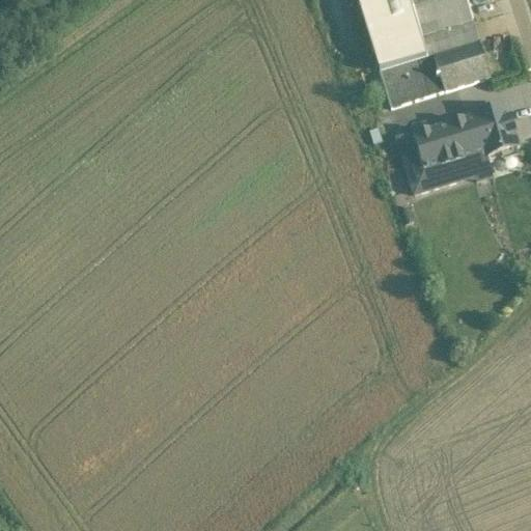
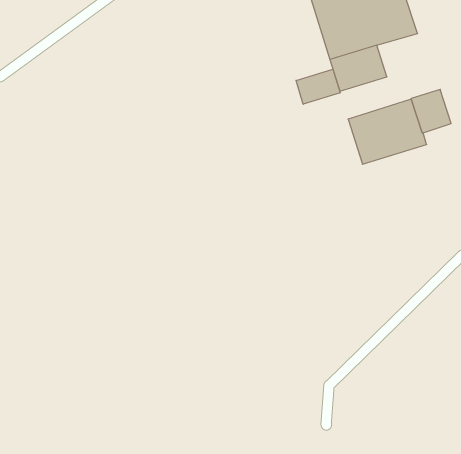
building: [434,38,491,88] -> none
building: none -> [296,69,340,104]

